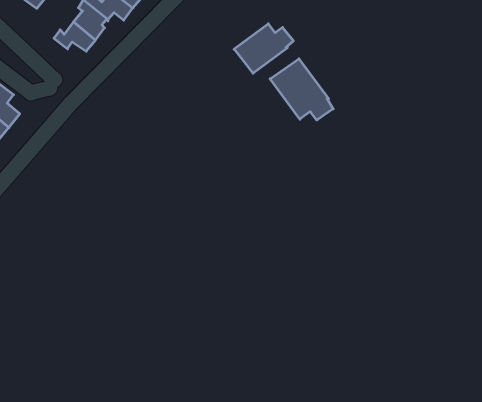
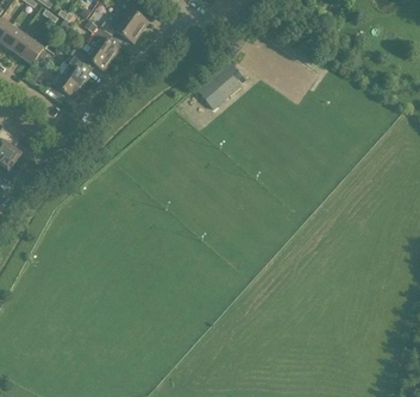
building: [270,59,333,120] -> none

